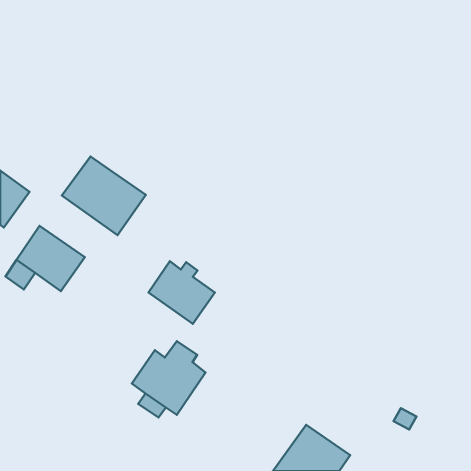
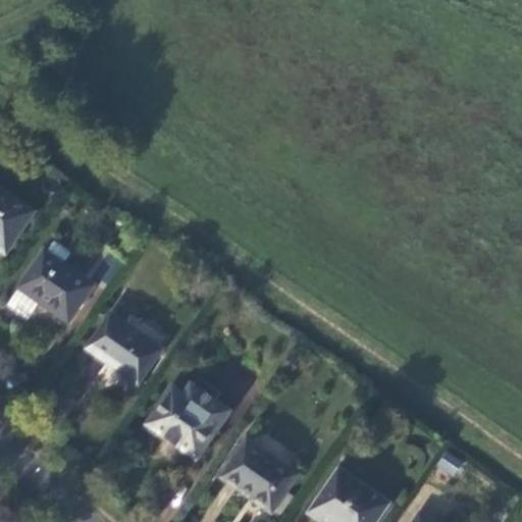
building: [62,156,146,235] -> none
building: [149,261,215,324] -> [88,314,161,383]
building: none -> [219,441,297,514]

